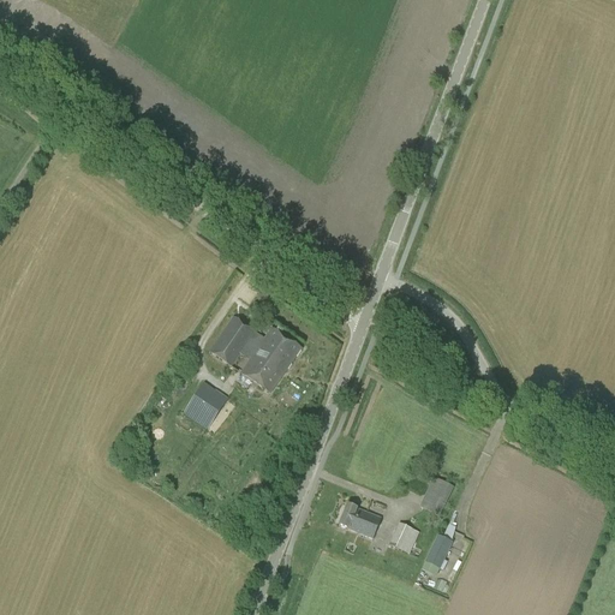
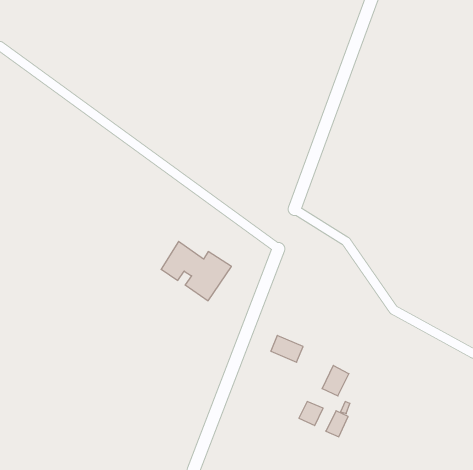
building: [183,380,228,428] -> none
building: [339,502,381,537] -> [271,335,303,362]

